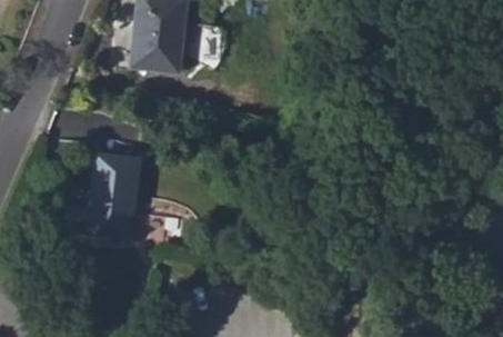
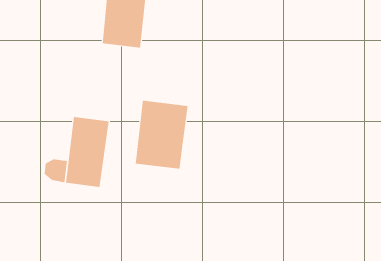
building: none -> [135,100,188,170]

